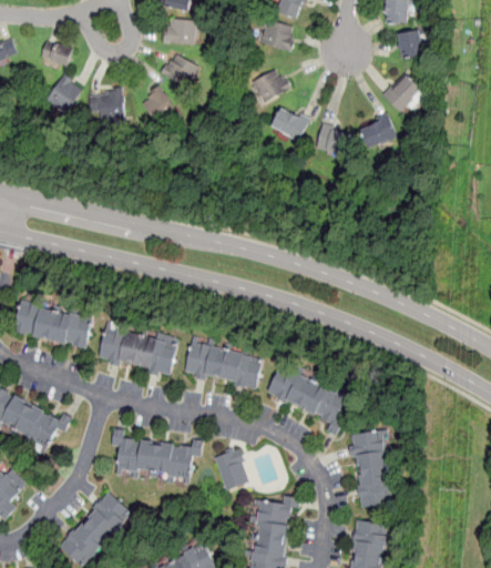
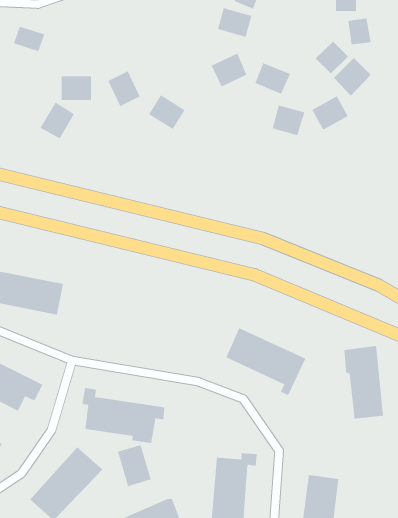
building: [163,18,196,45] -> none
building: [160,51,200,89] -> [148,95,185,130]
building: none -> [315,41,349,74]
building: [44,74,82,114] -> [40,102,75,139]
building: [270,106,309,141] -> [254,63,291,95]
building: [98,322,178,376] -> none
building: [184,341,263,387] -> none
building: [349,428,392,507] -> [344,346,384,419]
building: [213,446,249,491] -> [117,444,151,487]

